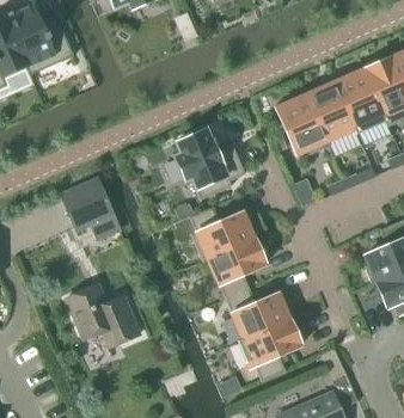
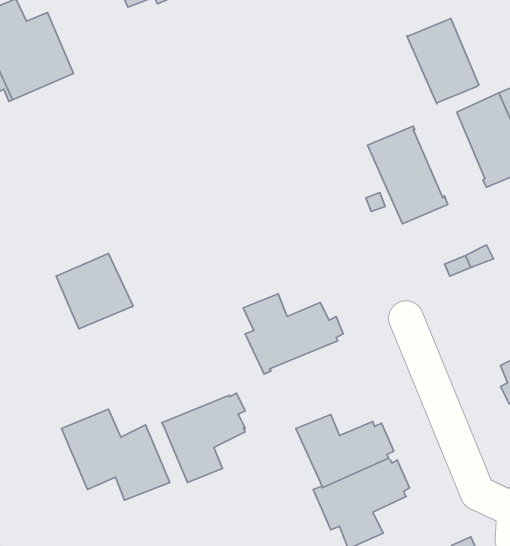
building: [306,82,355,141] -> [407,18,479,104]
building: [176,129,245,199] -> none
building: [208,238,265,299] -> [161,393,245,482]

